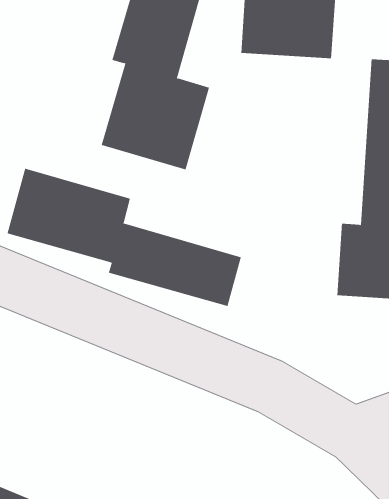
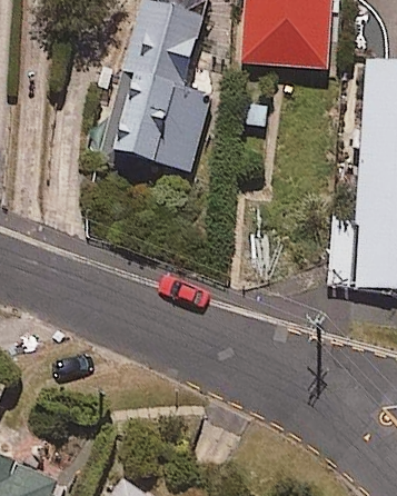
building: [7,168,242,307] -> none

